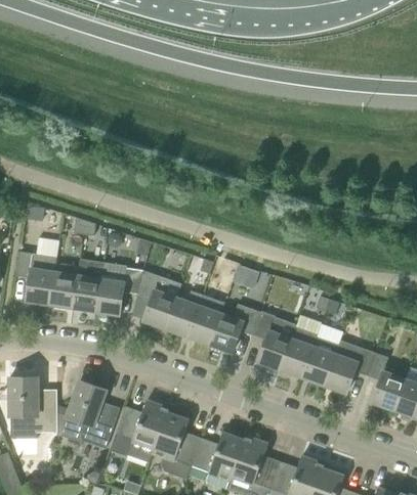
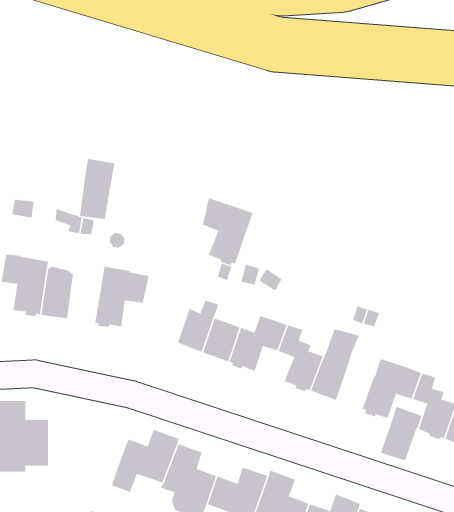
building: [73,259,103,311] -> [79,159,115,220]
building: [137,271,181,329] -> [202,197,254,266]
building: [302,338,338,385] -> [380,406,422,461]
building: [56,380,119,449] -> none

